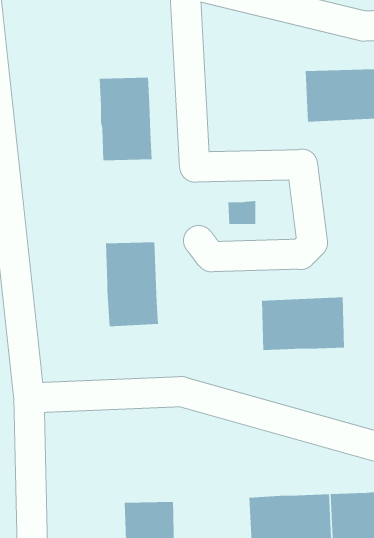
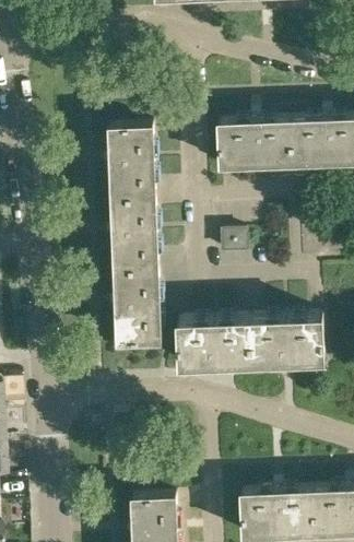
building: none -> [220,117,293,164]
building: none -> [114,195,160,268]
building: none -> [179,318,253,364]

